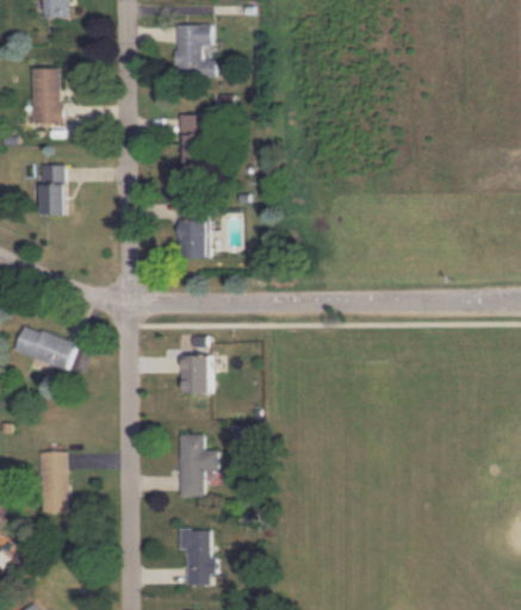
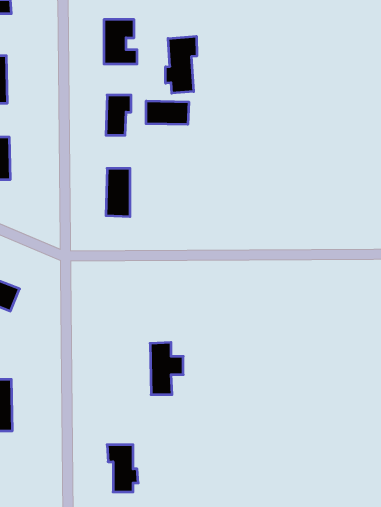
building: none -> [166,36,197,93]
building: none -> [146,101,189,124]
building: [180,355,210,393] -> none
building: [178,434,217,496] -> [150,342,183,395]

